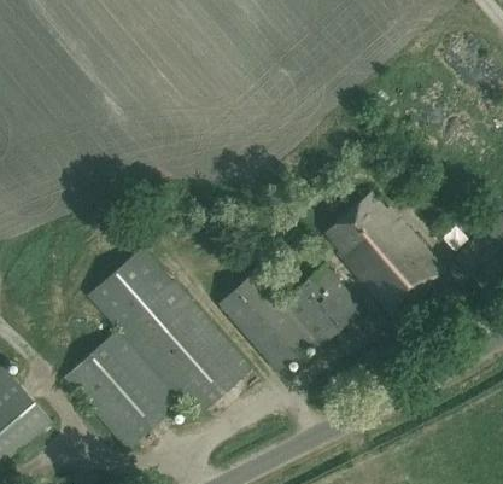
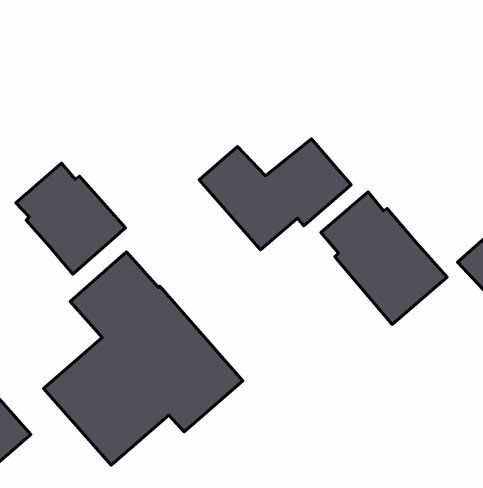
building: none -> [16,163,126,274]
building: [218,266,362,371] -> [199,139,351,250]

